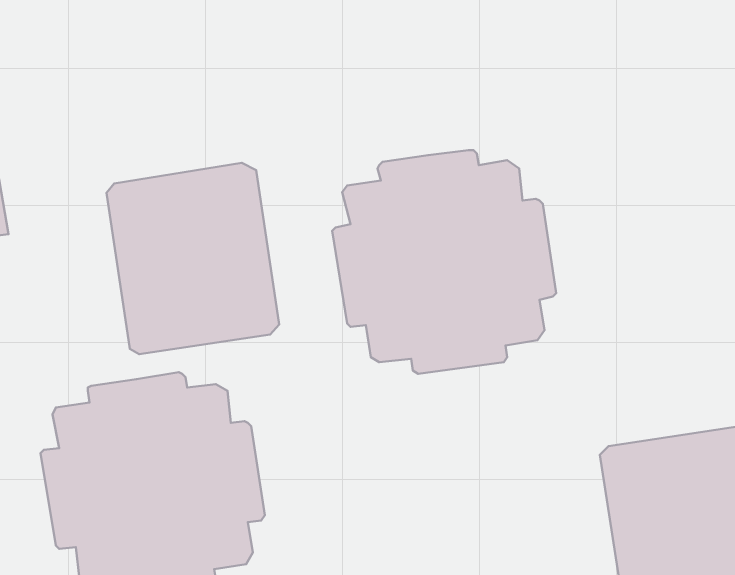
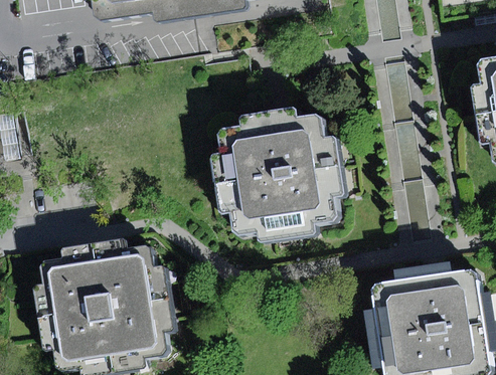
building: [106,163,279,354] -> none

